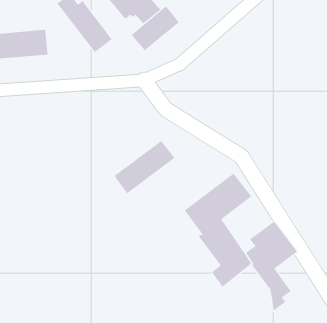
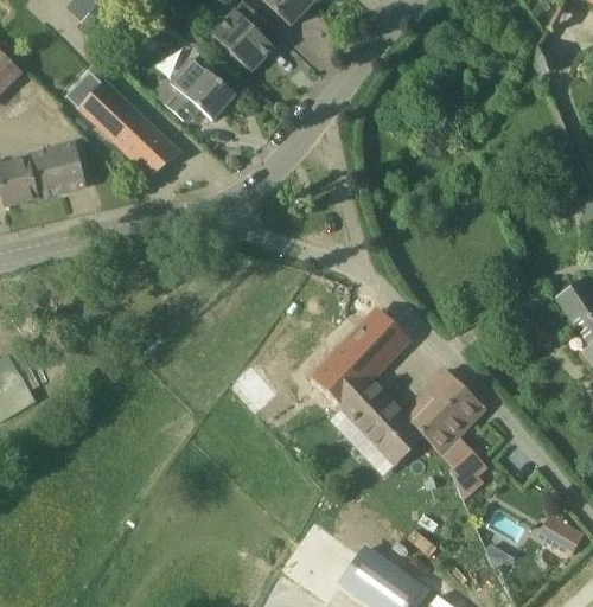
building: [131,6,180,51] -> none
building: [114,140,175,194] -> none

